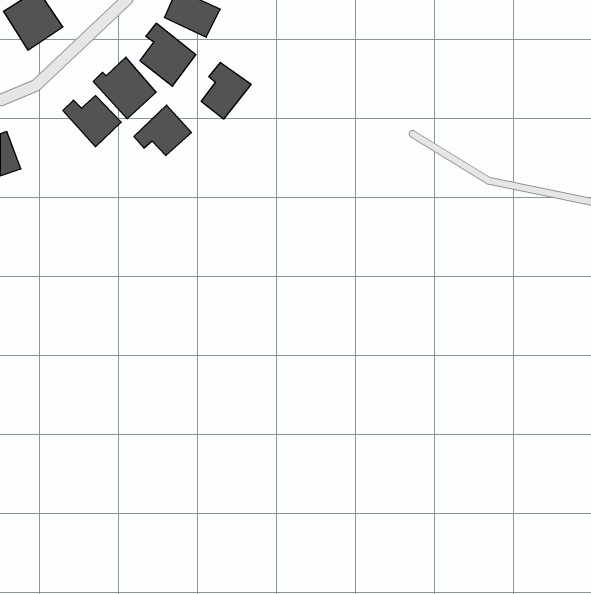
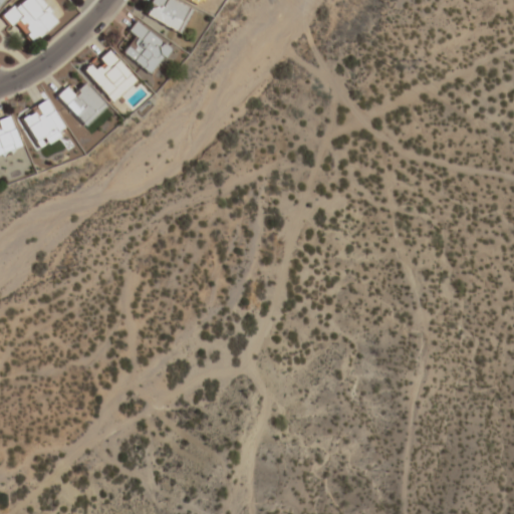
building: [201,62,251,119] -> none
building: [134,105,191,156] -> none
building: none -> [21,99,65,144]

